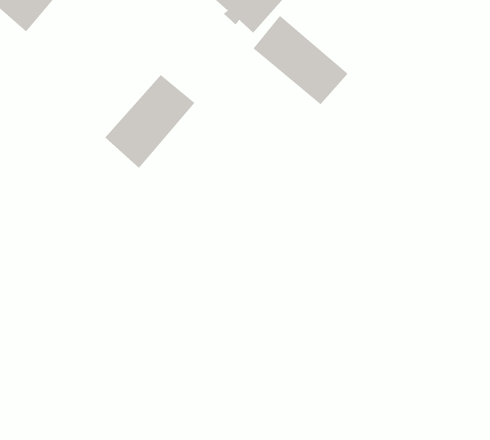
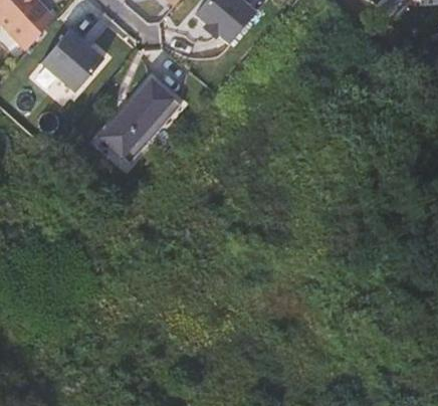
building: none -> [36,28,101,96]
building: [252,15,348,105] -> none

